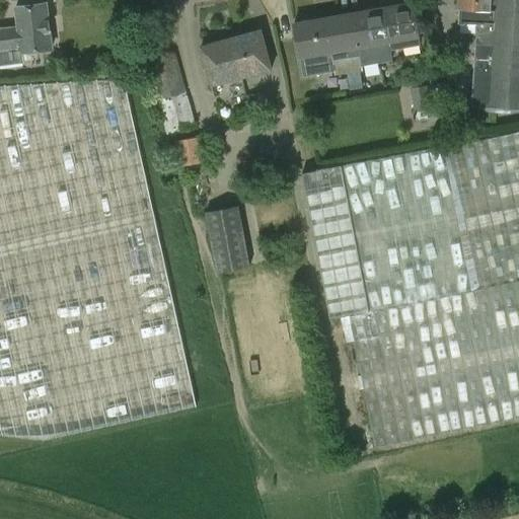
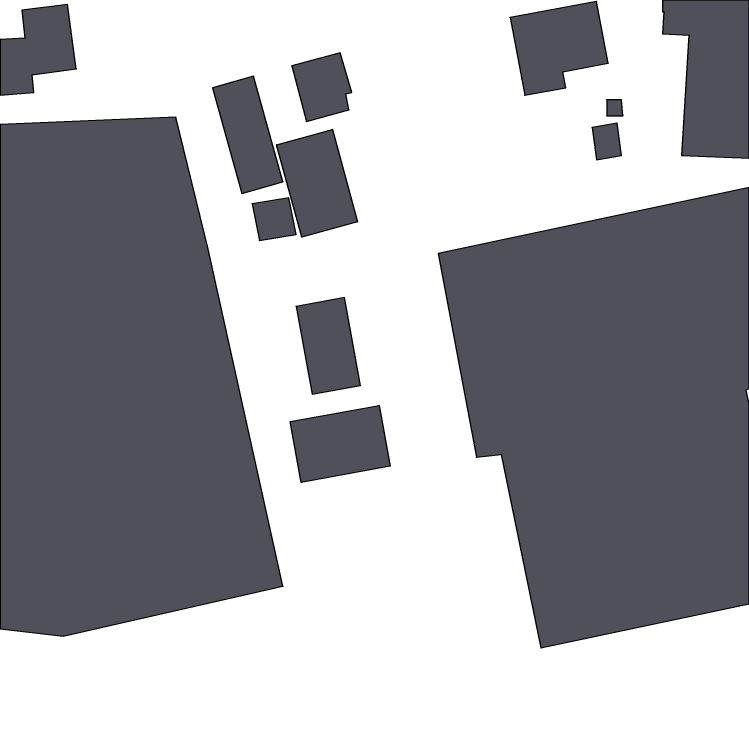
building: [294,12,363,77] -> none
building: [235,29,272,76] -> none
building: none -> [277,129,358,237]
building: none -> [290,405,390,482]

